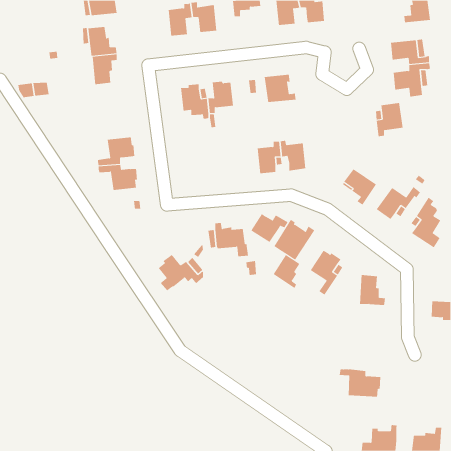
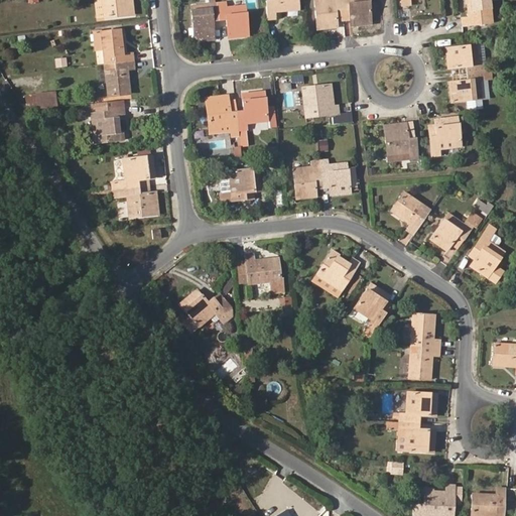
building: none -> [91,100,125,143]
building: none -> [384,123,417,158]
building: none -> [220,168,261,202]
building: [251,213,289,243] -> none
building: [273,254,300,289] -> none
building: none -> [408,348,439,380]
building: none -> [398,392,436,423]

